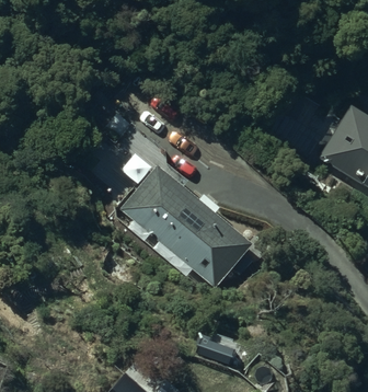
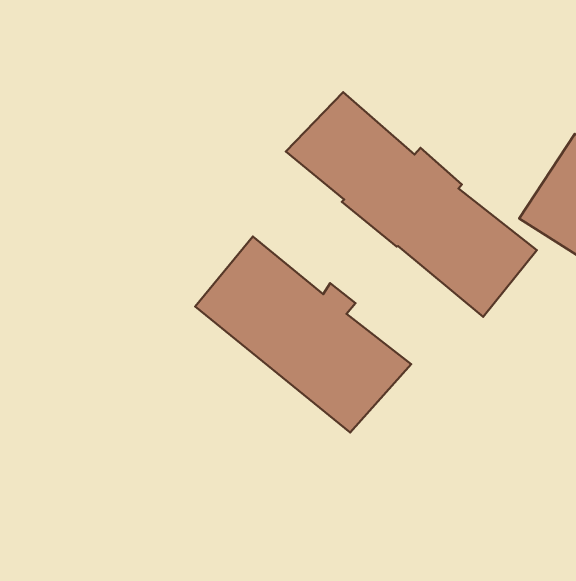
building: none -> [286,92,537,317]

